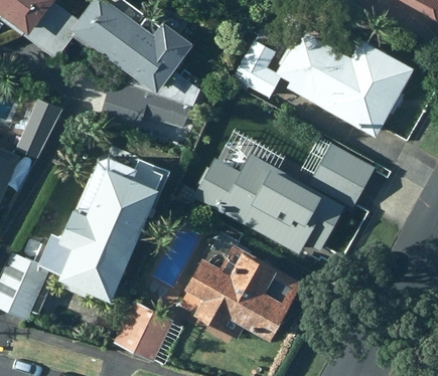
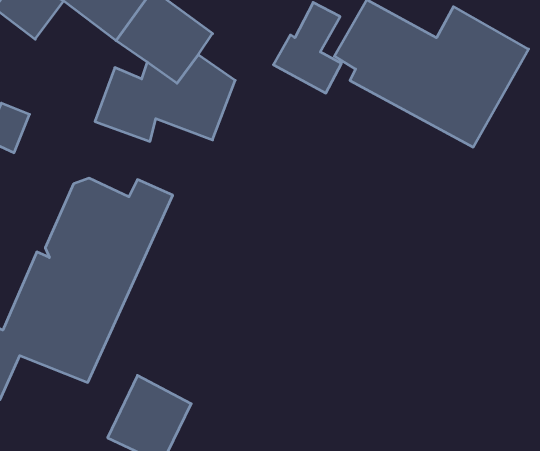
building: [310,143,376,206] -> none
building: [193,155,344,254] -> none
building: [177,244,299,343] -> none

